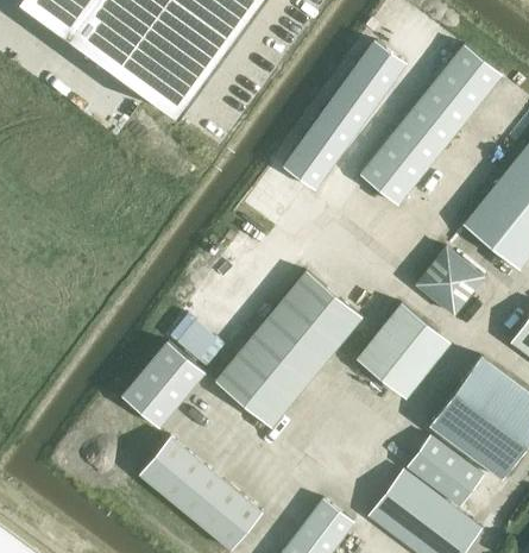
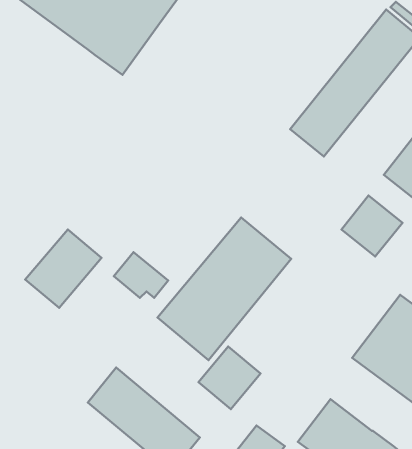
building: [283,42,405,190] -> none
building: [355,303,439,390] -> none
building: [121,343,204,428] -> [25,229,102,308]
building: none -> [198,346,261,409]
building: [407,435,484,507] -> none

